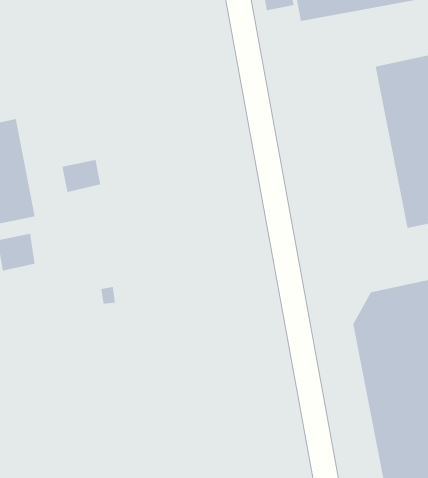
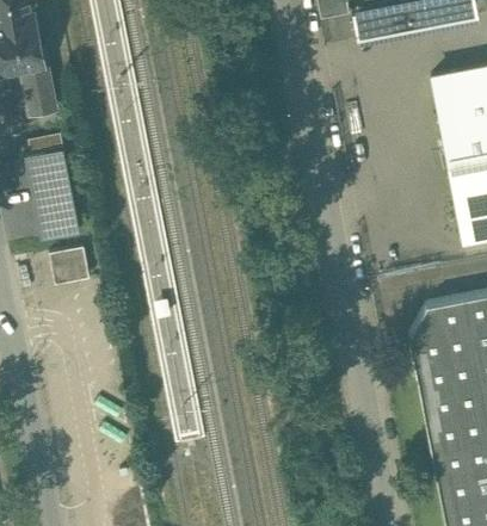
building: [62,159,101,193] -> none

